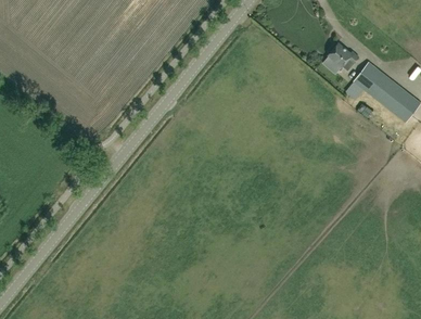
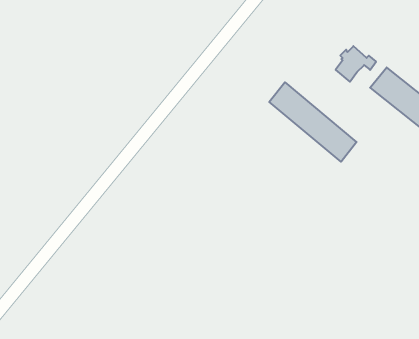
building: none -> [269,82,357,162]

